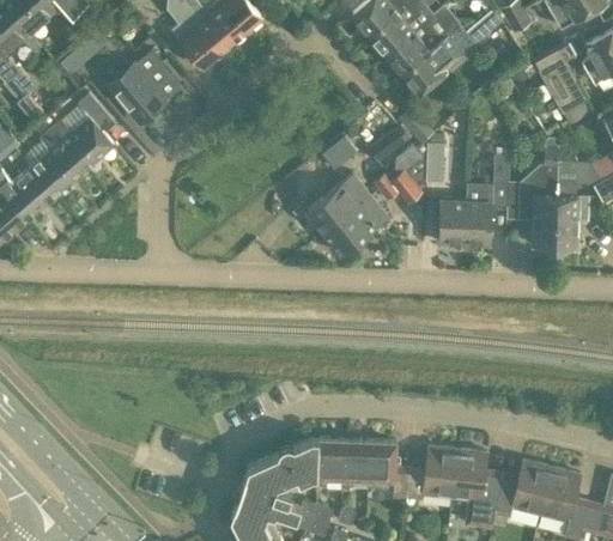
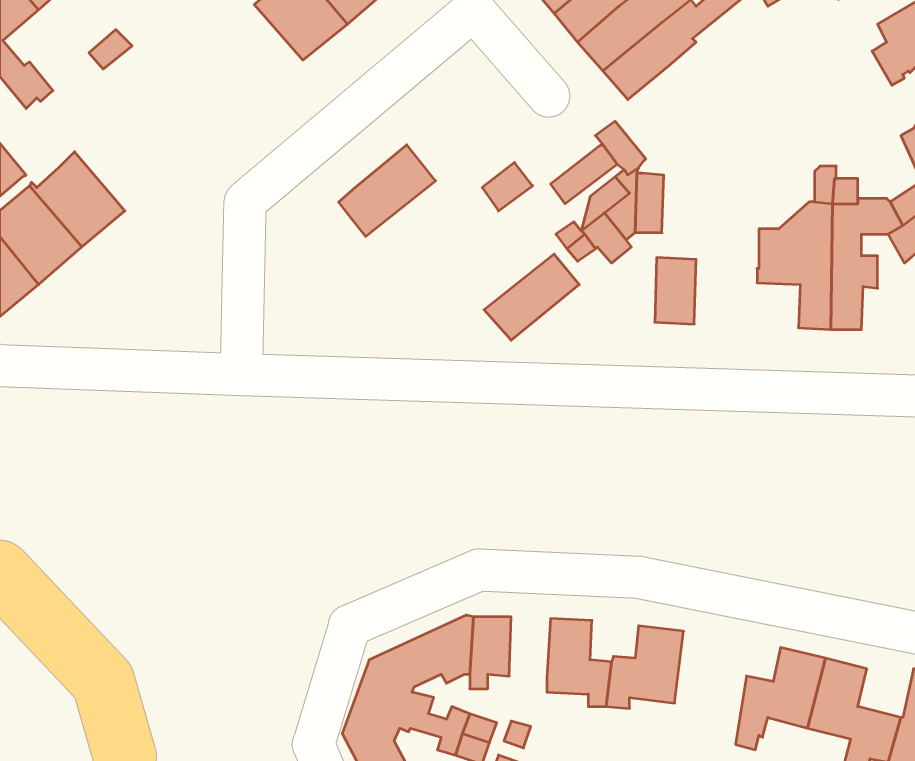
building: [535,44,593,124] -> none
building: [109,49,183,122] -> none
building: [51,93,115,169] -> none
building: [465,148,509,245] -> none
building: [306,174,371,235] -> [339,145,436,236]
building: [340,439,369,490] -> none
building: [451,449,499,527] -> none

